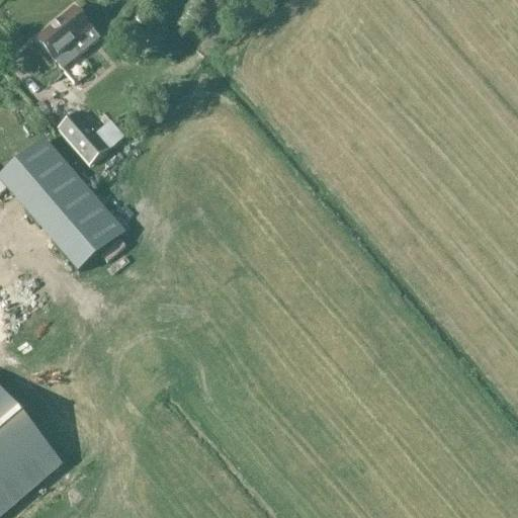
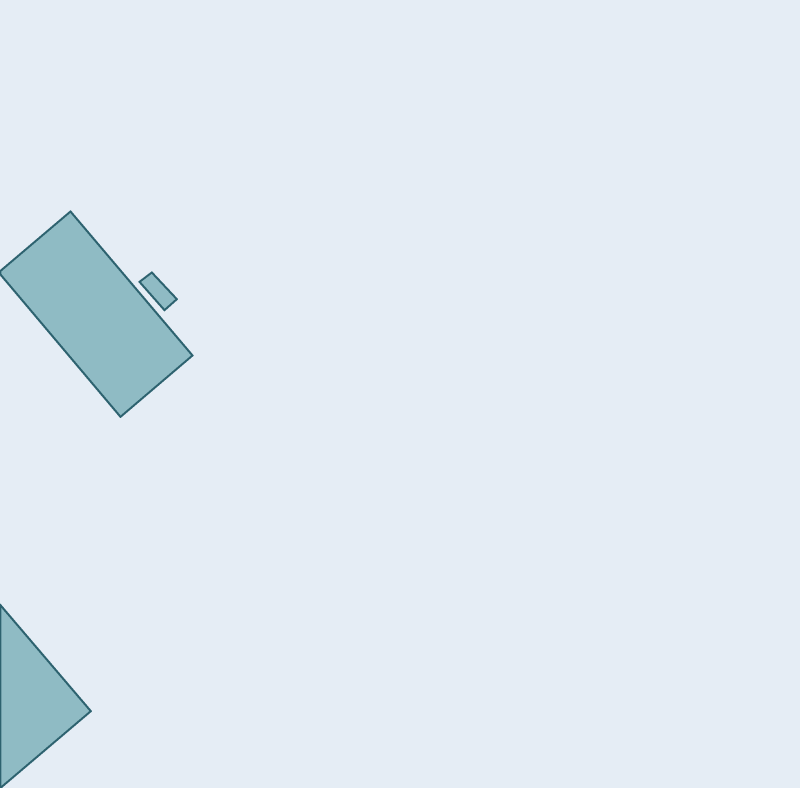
building: [35,4,92,67] -> none
building: [58,109,124,163] -> none

